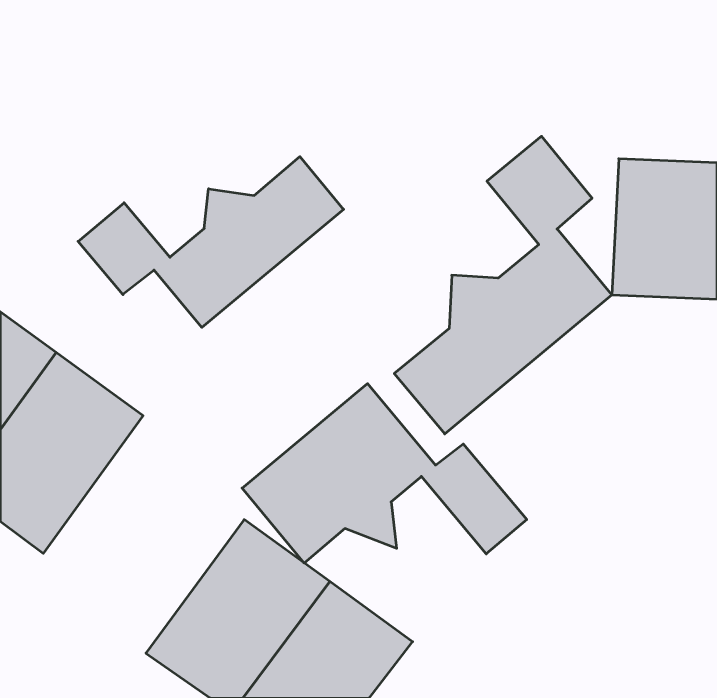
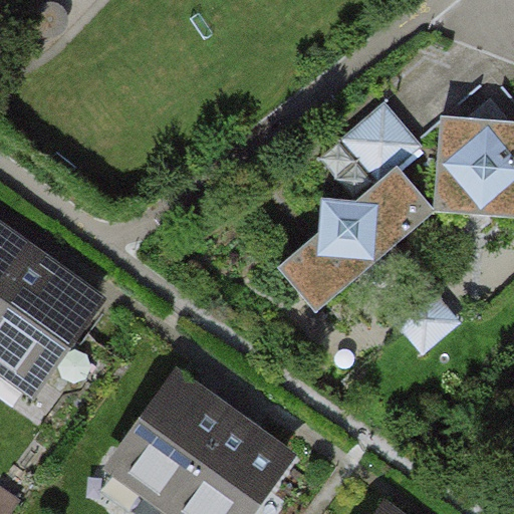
building: [78,157,344,327] -> none
building: [242,384,527,563] -> none

